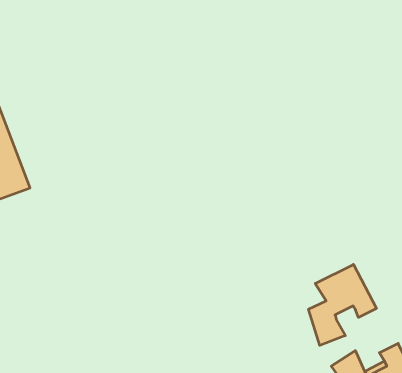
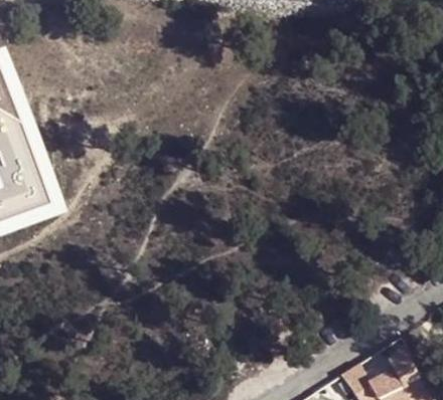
building: [309,264,376,345] -> none

